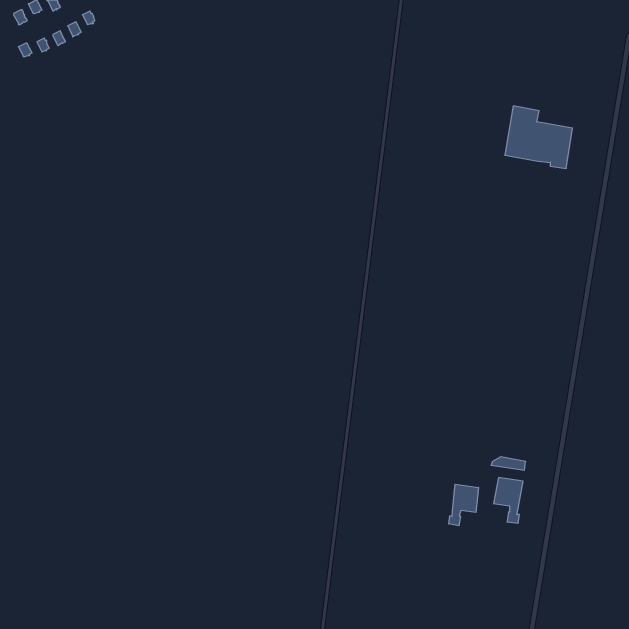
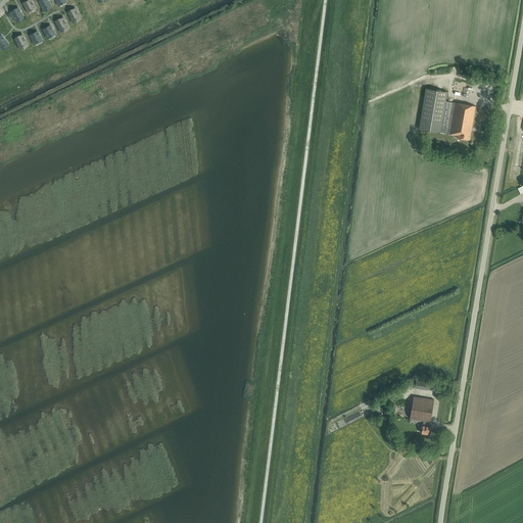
building: [449,484,478,526] -> none

